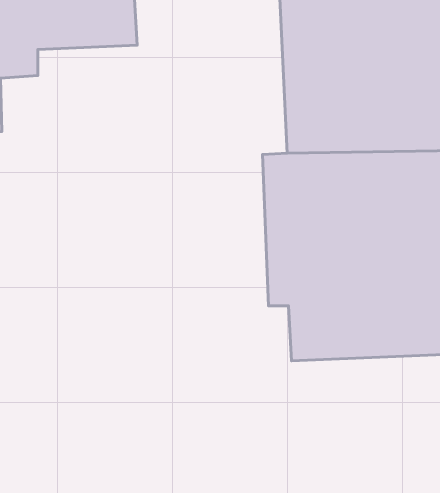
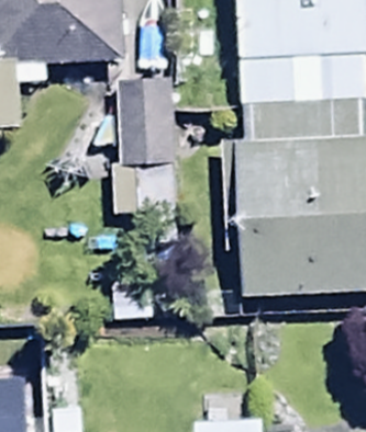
building: none -> [110,76,176,241]

